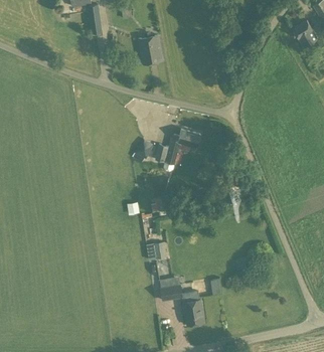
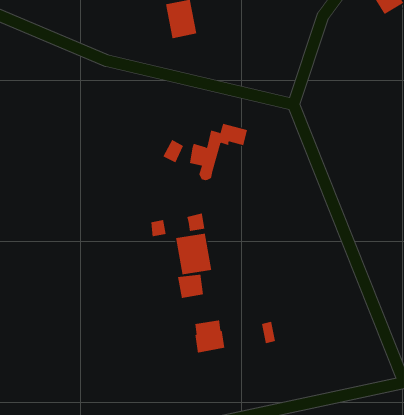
building: none -> [175,233,212,275]
building: [183,299,204,324] -> none

